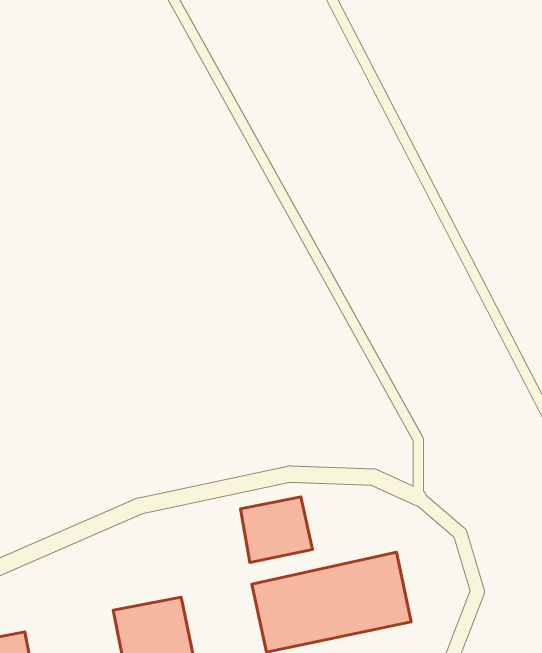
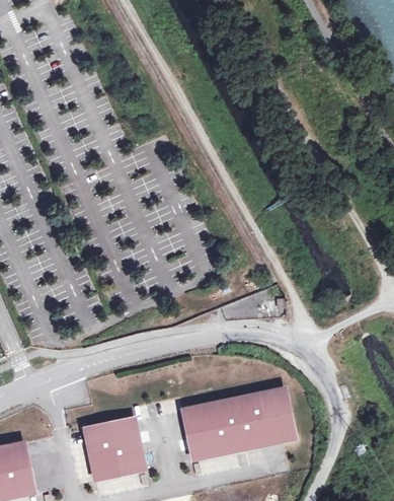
building: [241,497,313,563] -> none

